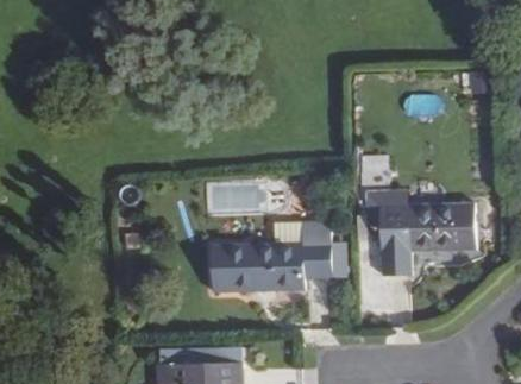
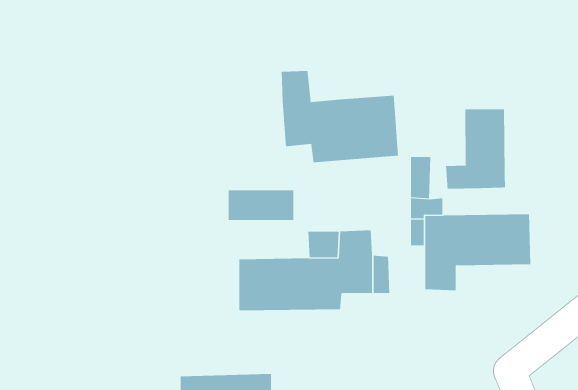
building: none -> [281,70,398,163]
building: none -> [446,109,505,190]

